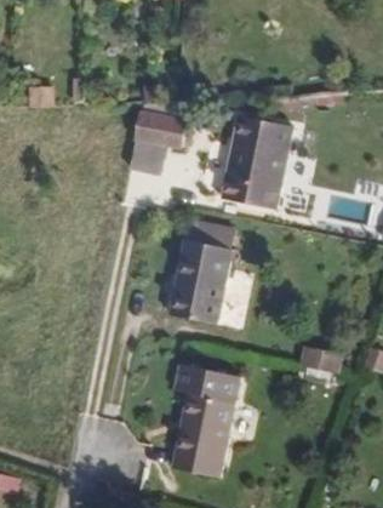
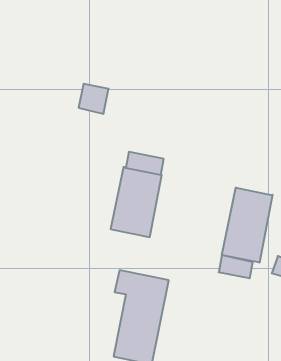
building: [135,112,190,147] -> none
building: [222,115,292,209] -> none
building: none -> [222,188,273,263]

